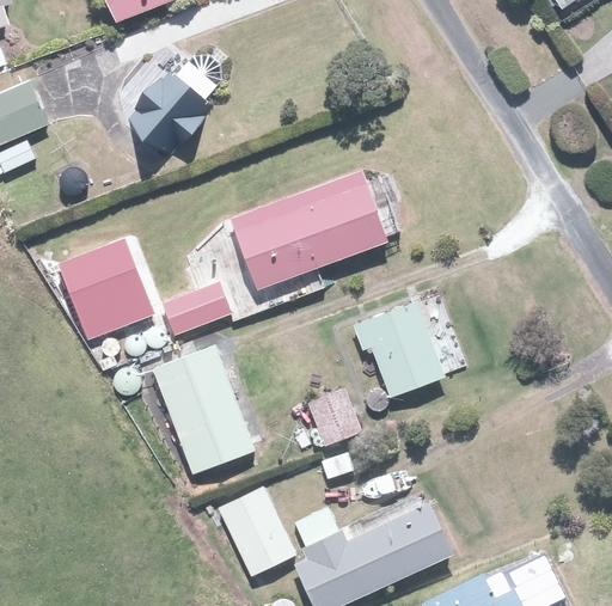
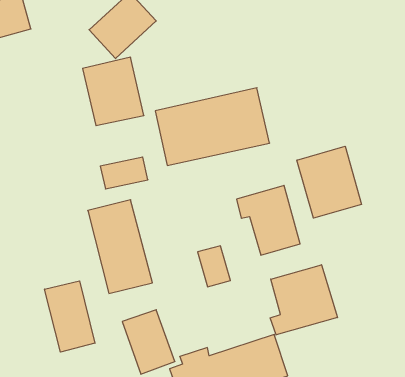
building: none -> [297,146,362,218]
building: [61,240,152,338] -> [83,57,144,126]
building: none -> [270,265,337,335]
building: none -> [45,281,95,352]

